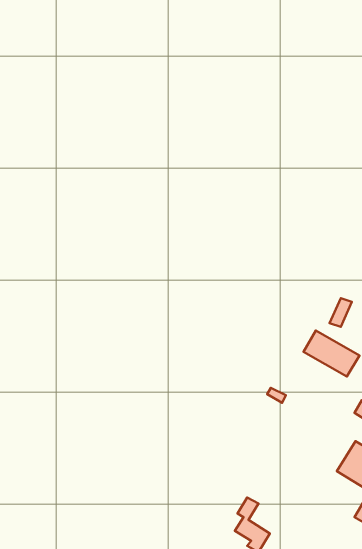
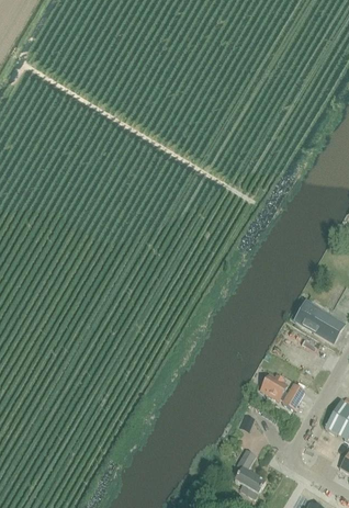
building: none -> [261,373,306,408]

